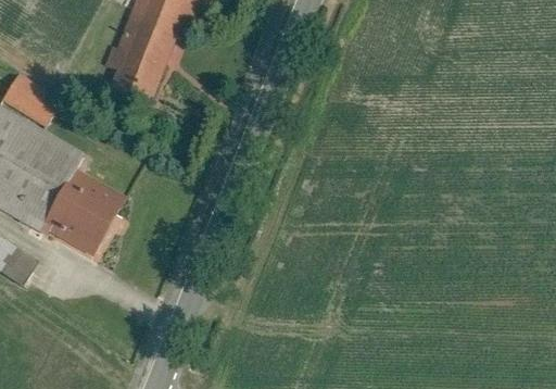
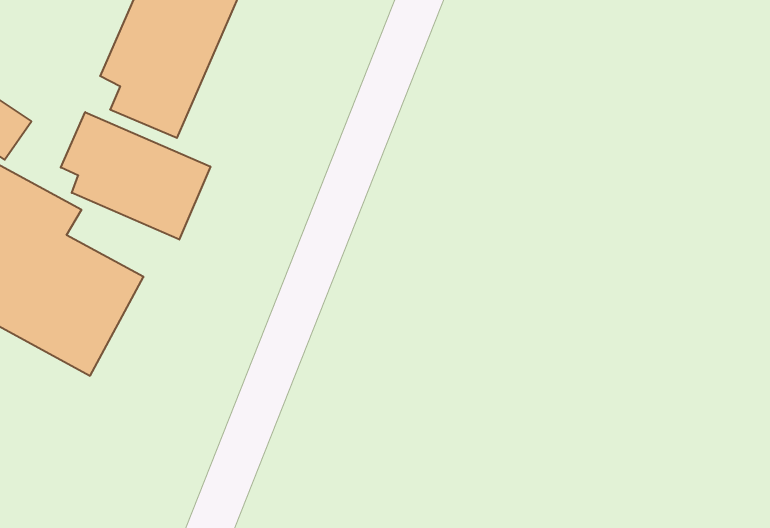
building: none -> [61,112,210,240]

